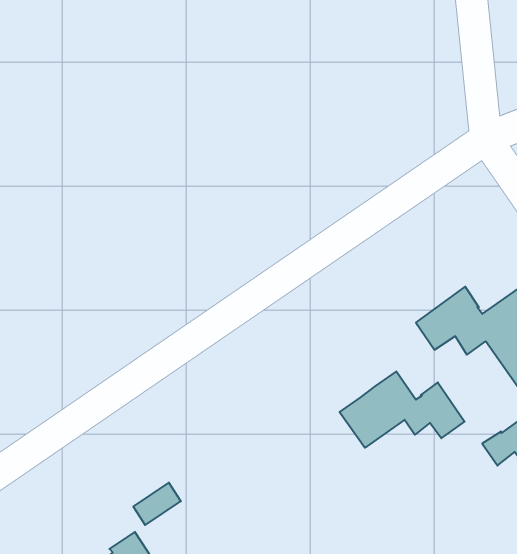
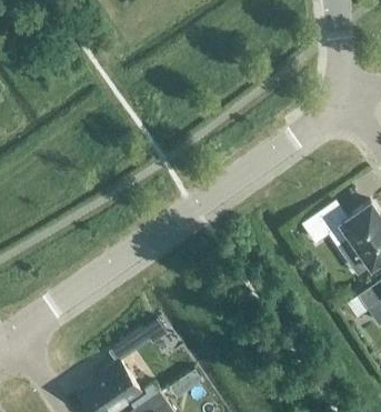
building: [340,371,465,448] -> none

